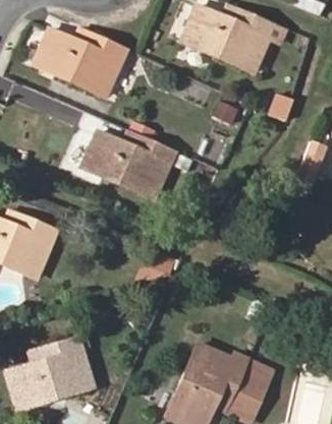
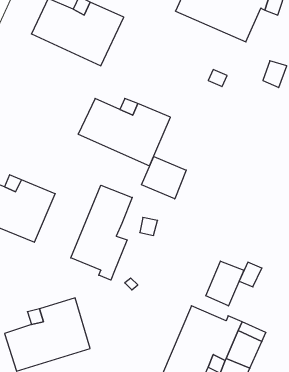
building: none -> [141,157,186,199]
building: none -> [71,185,132,280]
building: none -> [206,261,244,306]

